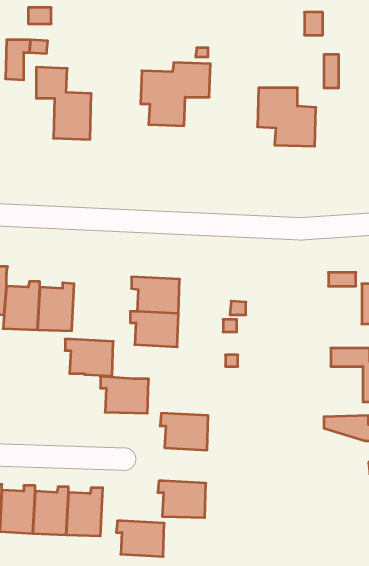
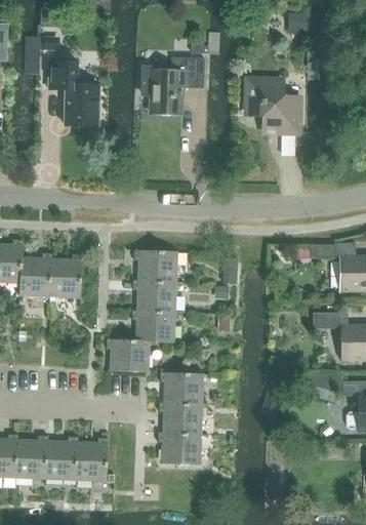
building: [65,339,113,376] -> [132,310,175,342]
building: [116,521,164,557] -> [159,402,202,434]

